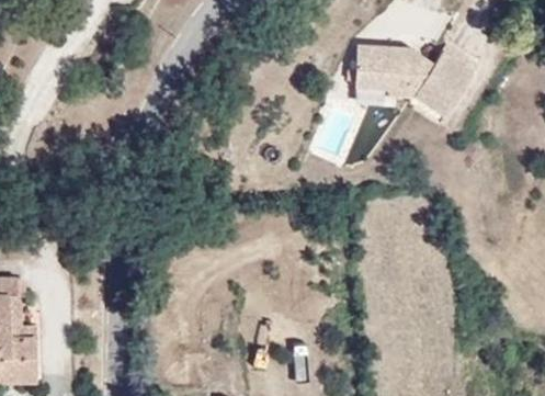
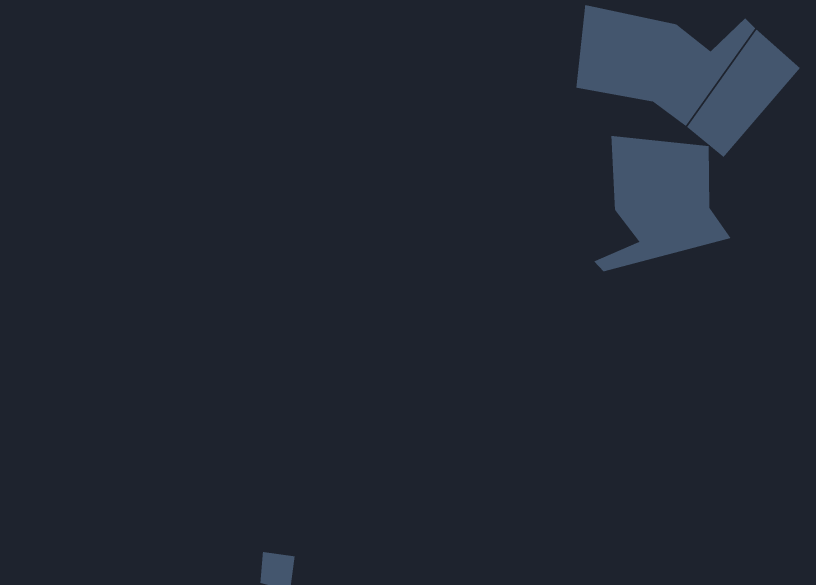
building: none -> [593,135,732,272]

